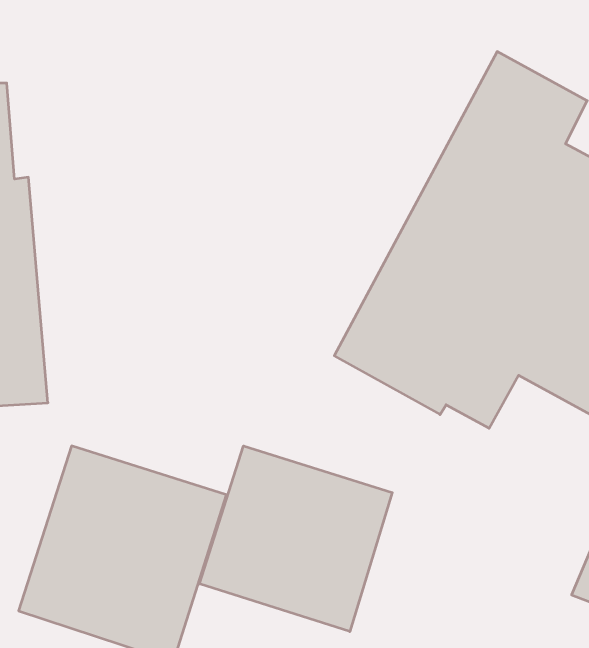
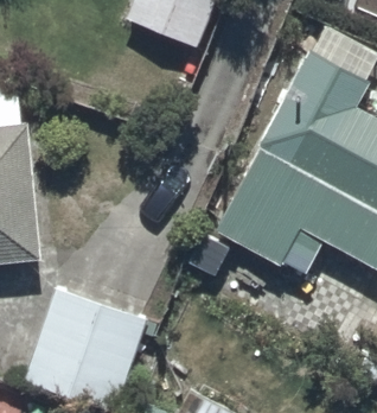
building: [200,446,392,632] -> none

